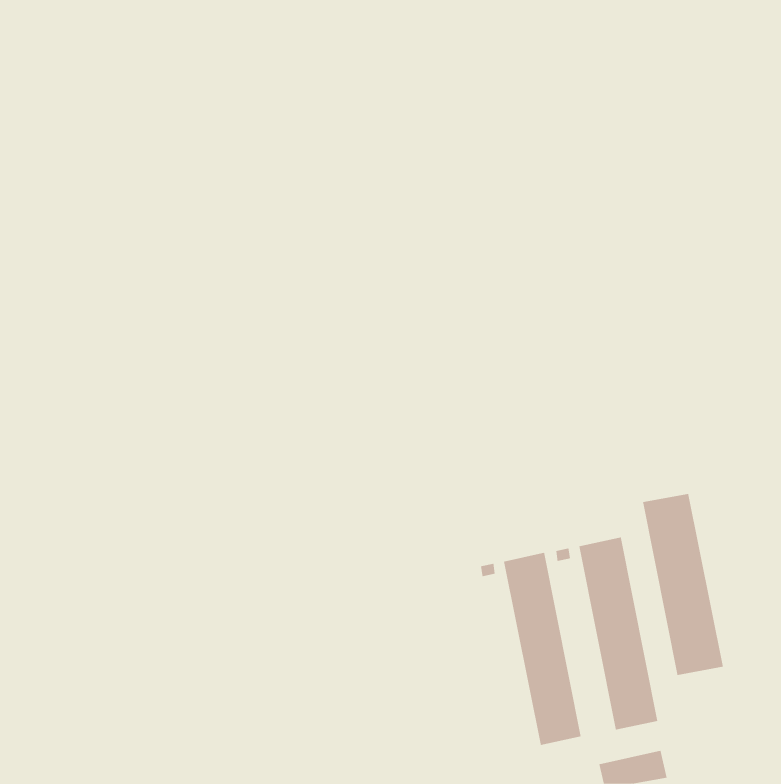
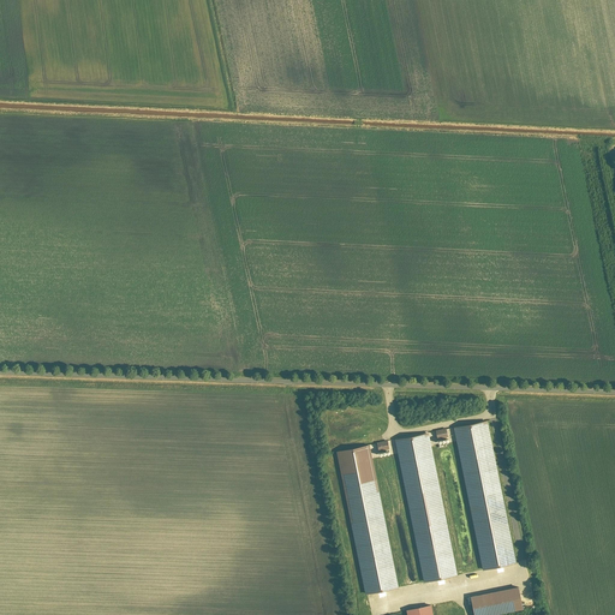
building: [642,493,723,676] -> none
building: none -> [335,444,399,596]

